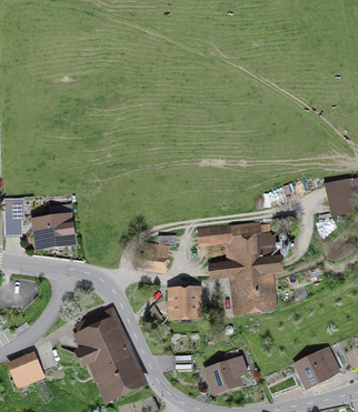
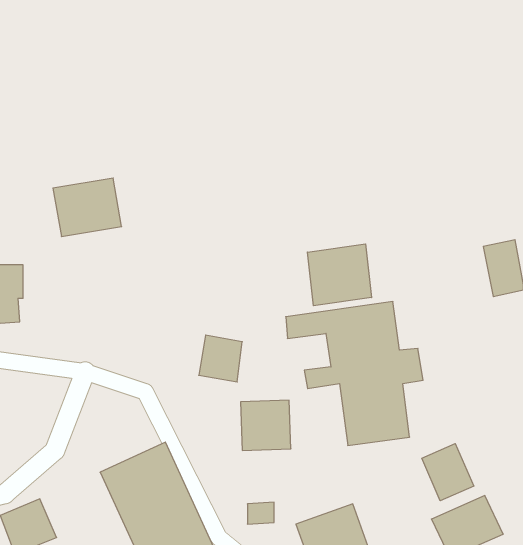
building: none -> [307,244,372,306]
building: [30,213,76,252] -> [53,178,122,237]
building: none -> [422,444,474,501]

